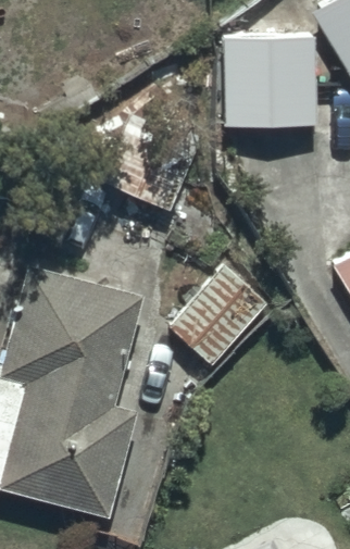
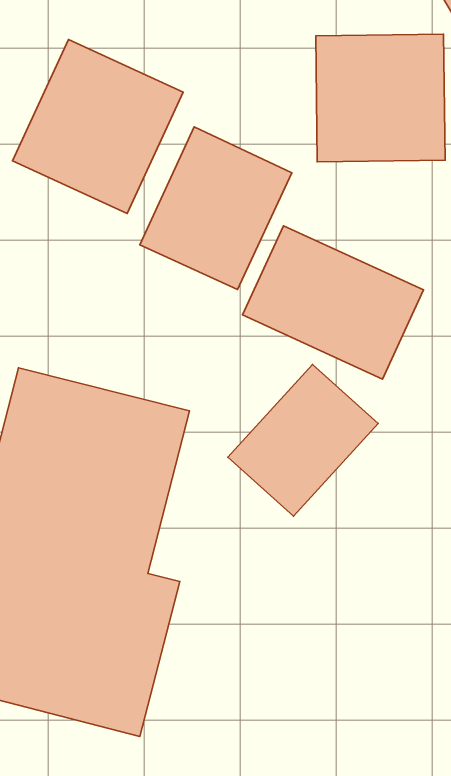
building: none -> [13,40,183,214]
building: none -> [242,226,423,379]

